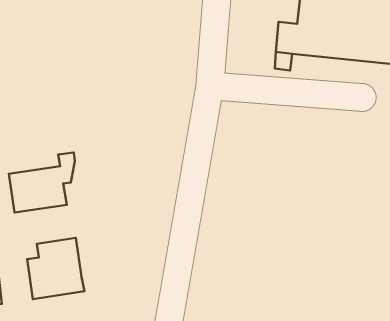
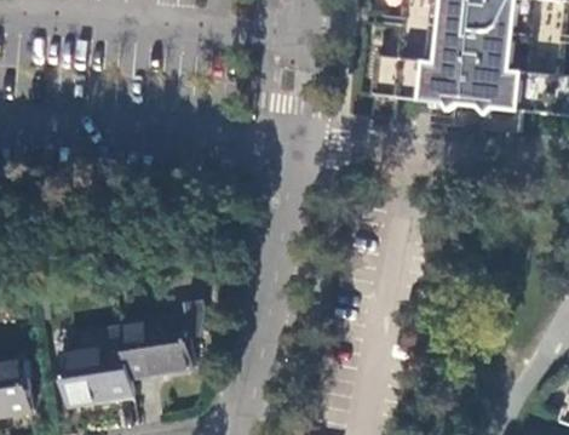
building: [9,152,75,213] -> [121,299,203,374]

